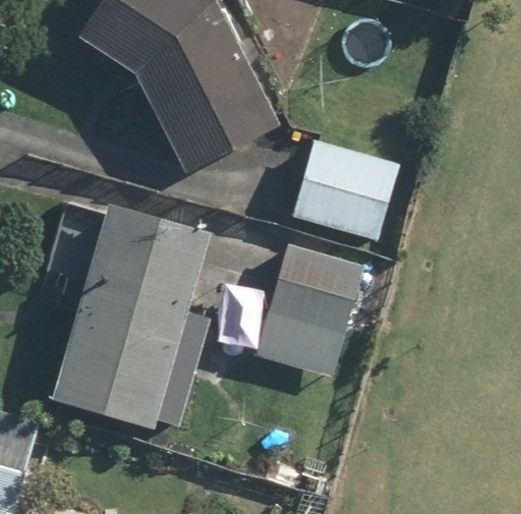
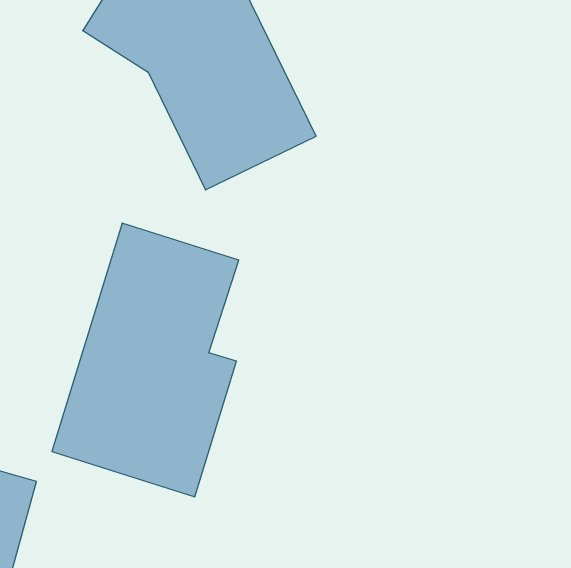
building: [277,135,397,242] -> none
building: [256,243,367,377] -> none

